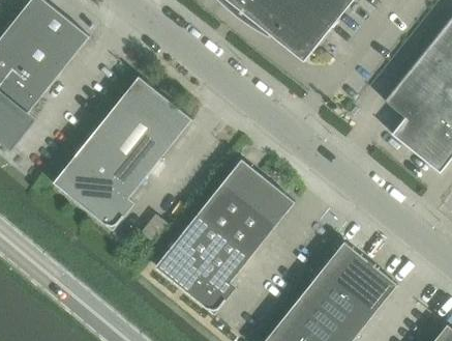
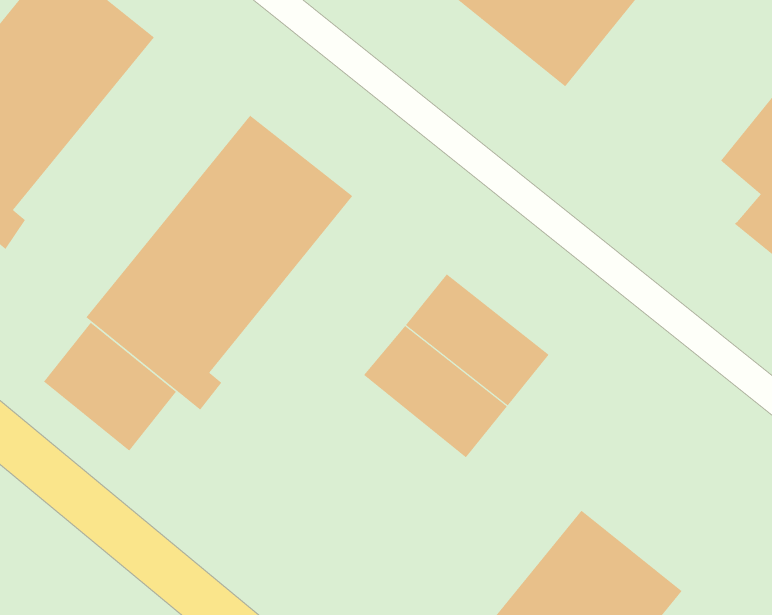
building: none -> [43,322,177,451]
building: [155,212,251,315] -> none
building: [311,241,397,325] -> none

